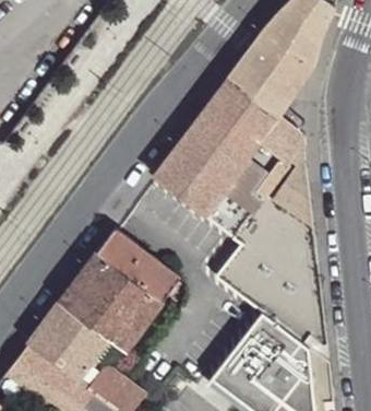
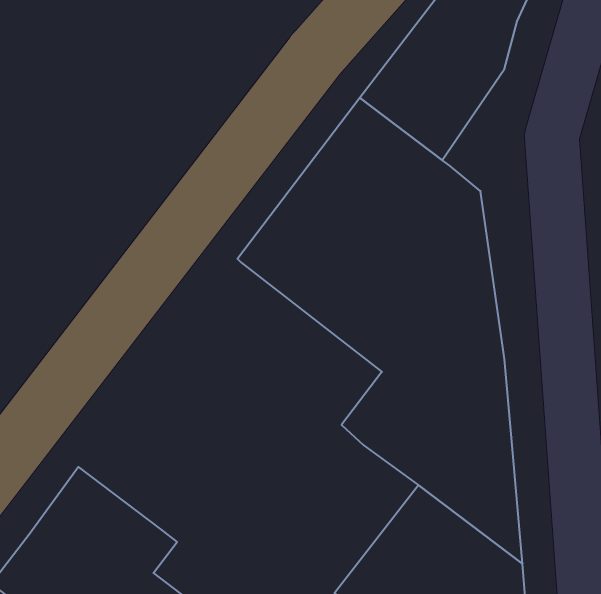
building: [58,230,177,350] -> none

